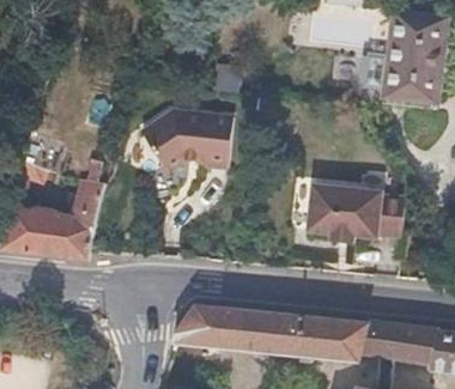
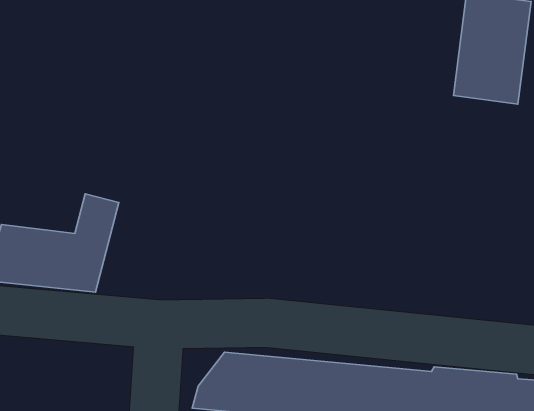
building: [141,109,233,171] -> none
building: [308,181,406,242] -> none

